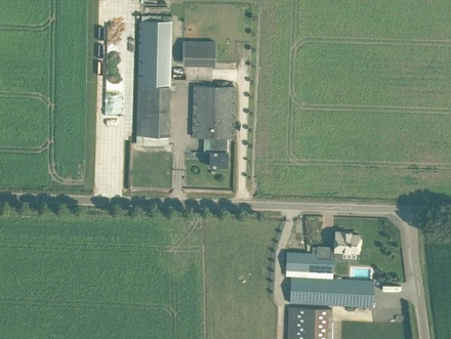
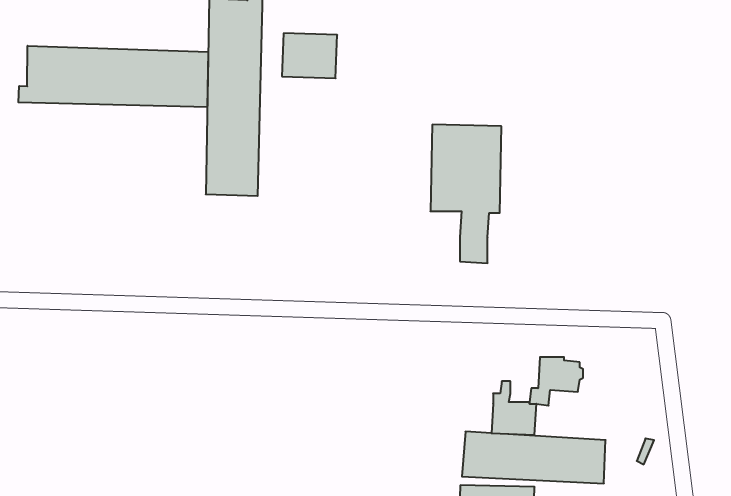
building: none -> [18,46,208,107]
building: [193,86,235,168] -> [430,125,501,263]
building: [285,253,307,278] -> none

